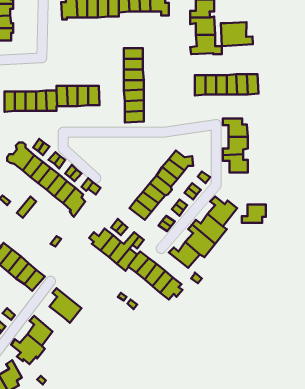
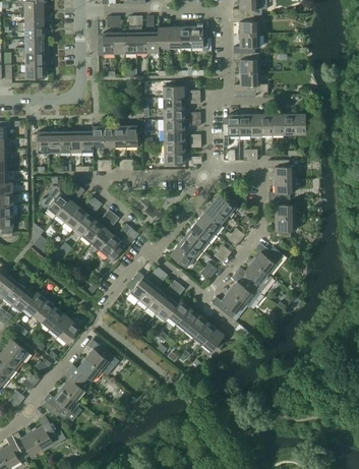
building: [221,22,253,46] -> none
building: none -> [223,115,239,146]
building: [242,204,266,223] -> [270,218,295,237]
building: none -> [69,359,101,386]

